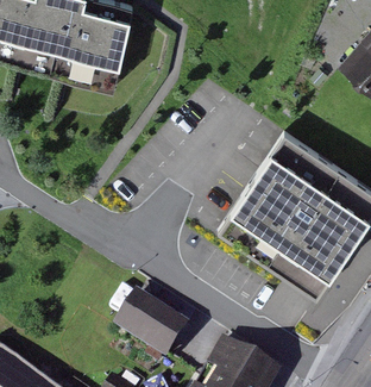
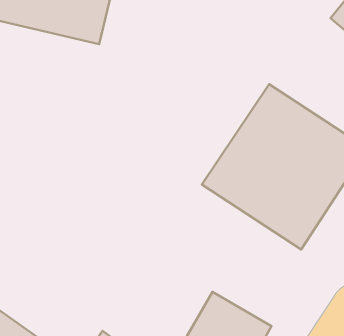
building: [118,292,194,356] -> none

